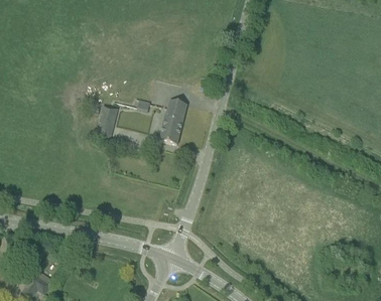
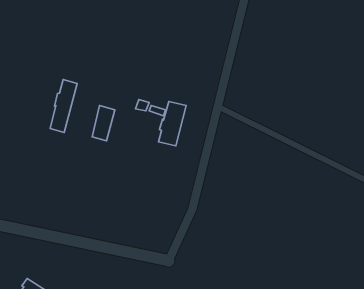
building: none -> [50,79,77,133]

